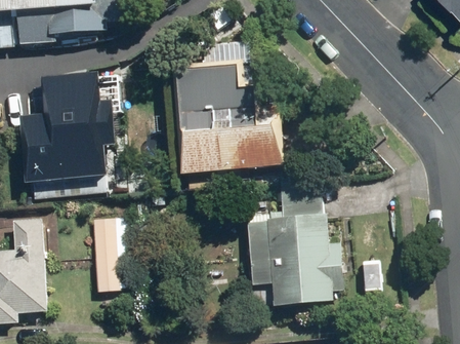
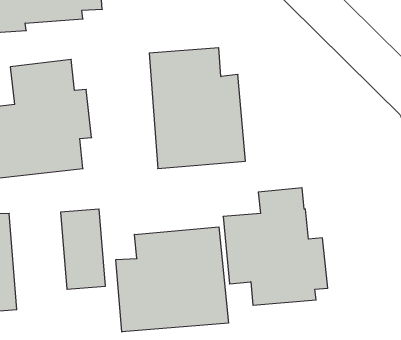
building: none -> [116,227,228,332]

